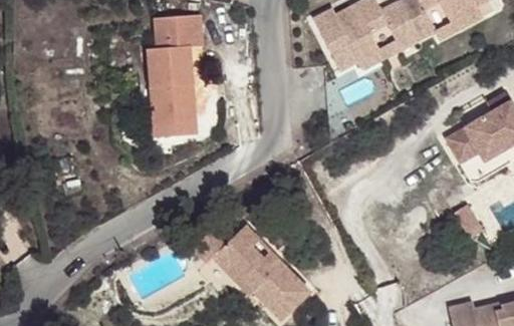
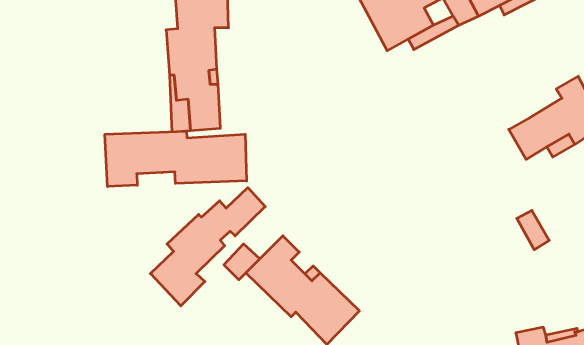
building: none -> [105,131,247,187]
building: none -> [150,188,265,306]

